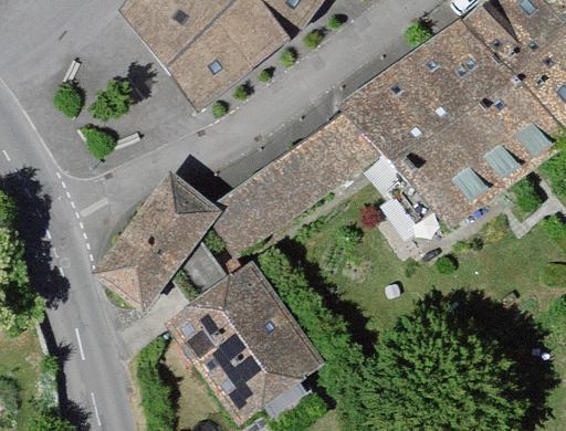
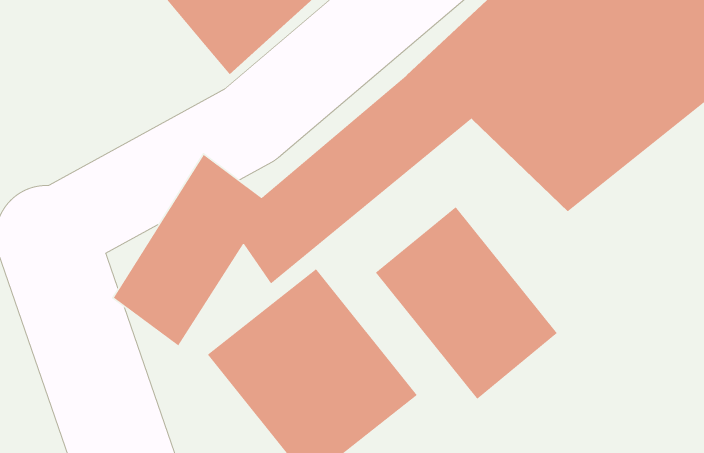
building: none -> [375,206,558,400]

